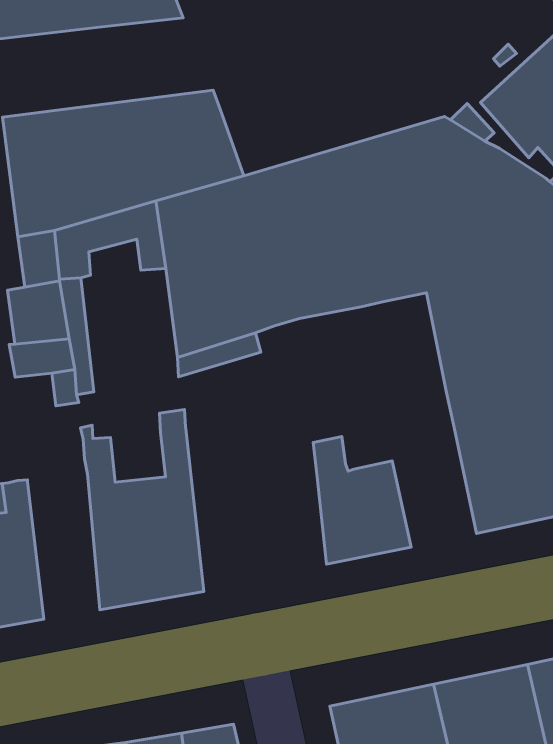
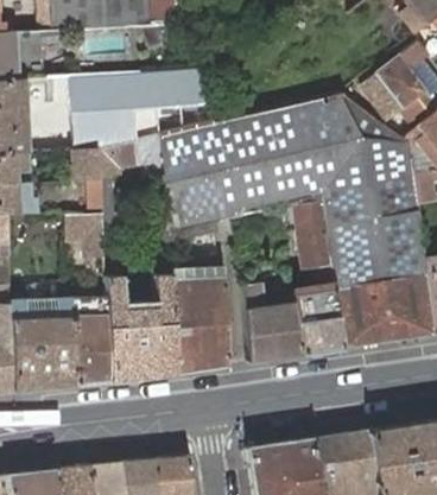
building: none -> [280,201,342,355]
building: none -> [169,269,228,374]
building: none -> [70,288,109,385]

